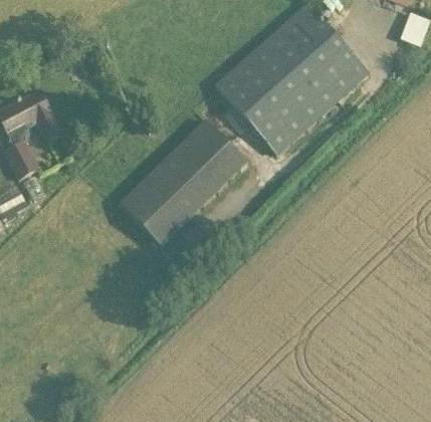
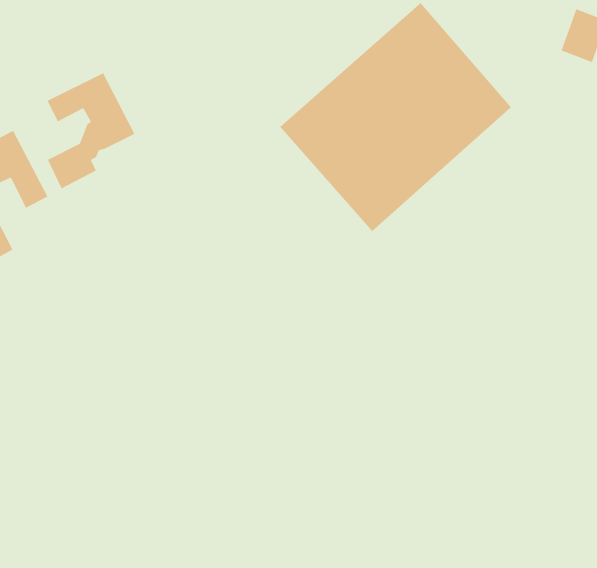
building: none -> [47,72,135,189]
building: [119,119,247,245] -> none

